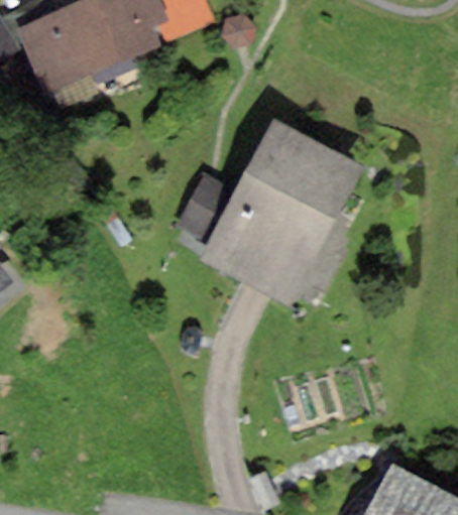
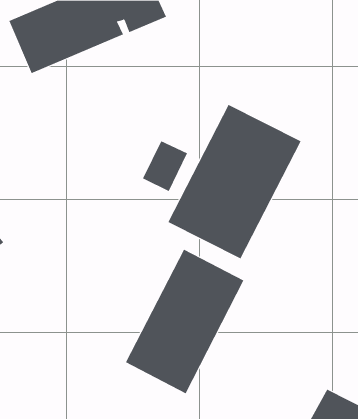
building: none -> [125,249,244,394]

